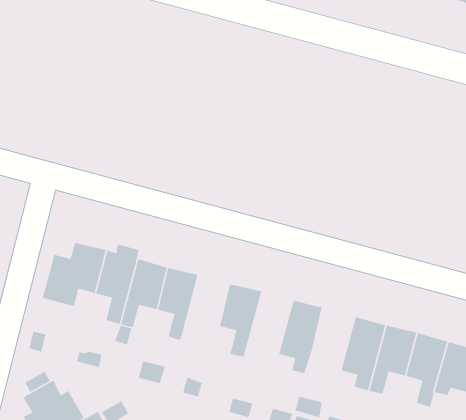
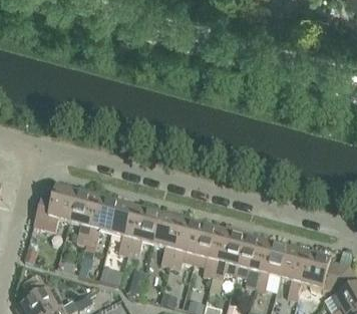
building: none -> [128,204,161,258]
building: none -> [171,221,205,269]
building: none -> [213,227,247,280]

